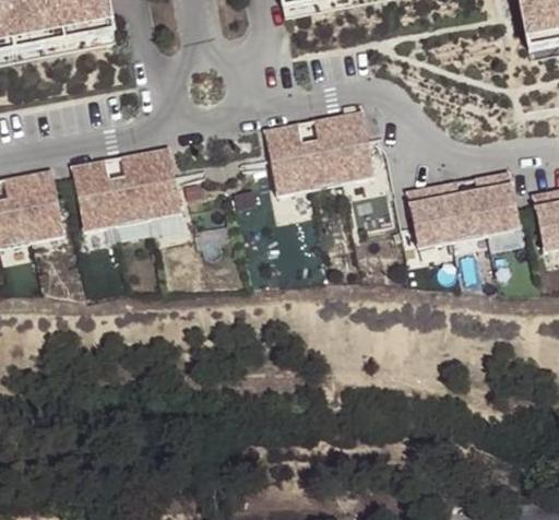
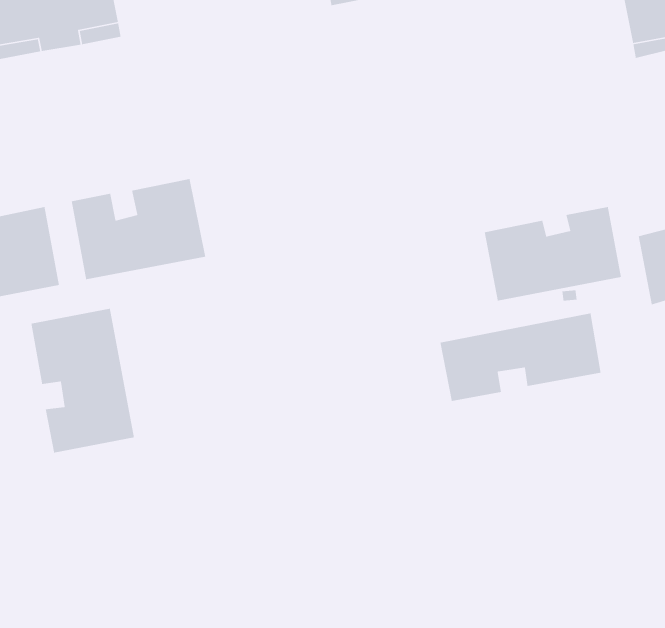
building: [263,111,373,194] -> none
building: none -> [31,308,135,454]
building: none -> [439,313,601,402]

